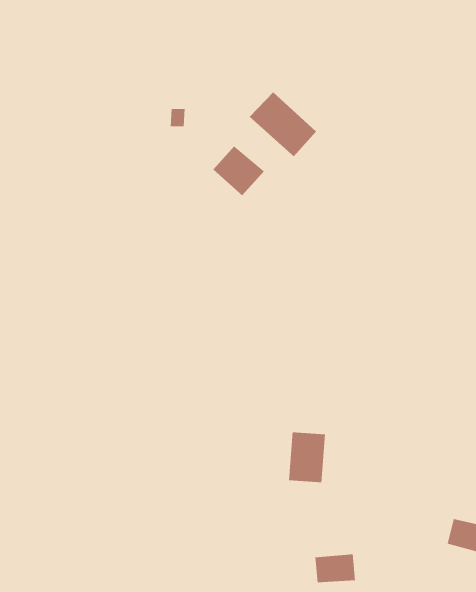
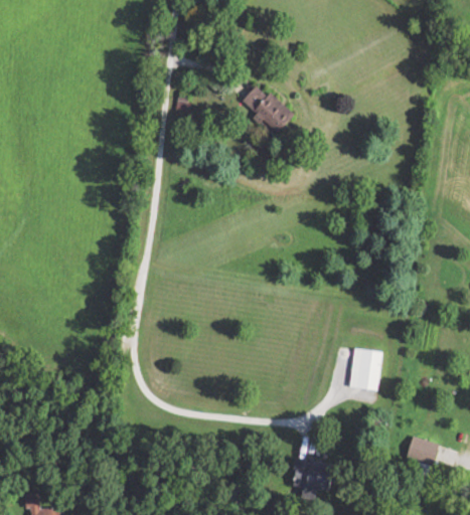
building: [213,145,265,196] -> none
building: [288,432,326,483] -> [349,348,380,390]

